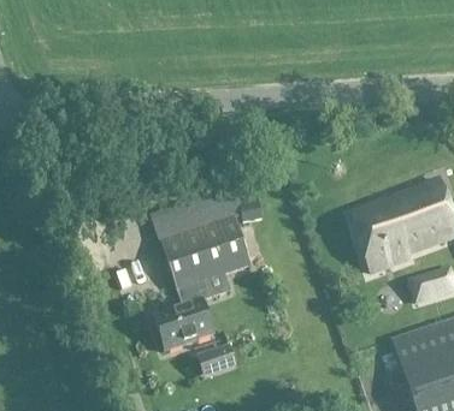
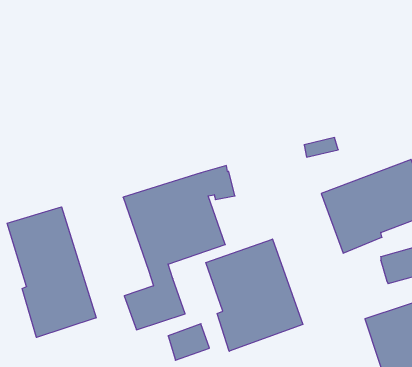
building: none -> [7,207,96,337]
building: none -> [206,239,303,351]

